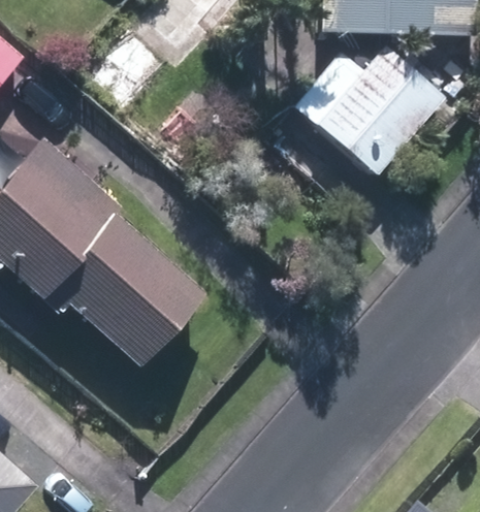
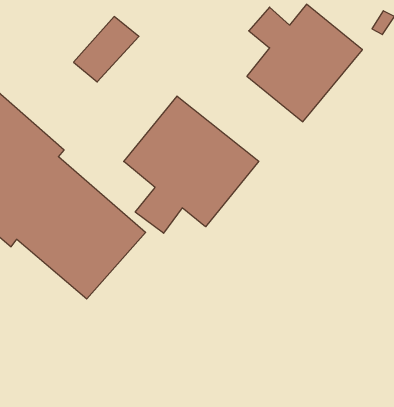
building: none -> [124,96,259,233]

